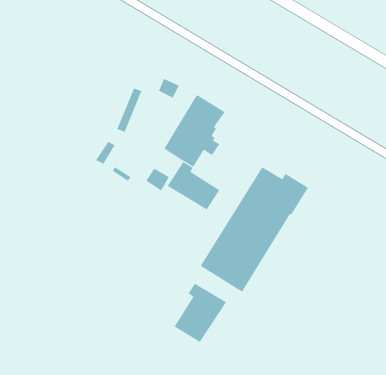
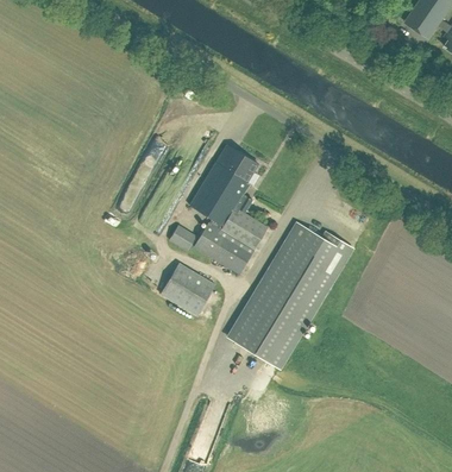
building: none -> [219,207,265,251]
building: none -> [159,263,215,316]
building: [174,283,227,343] -> none

